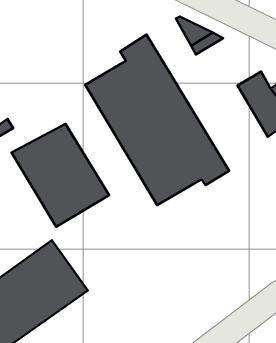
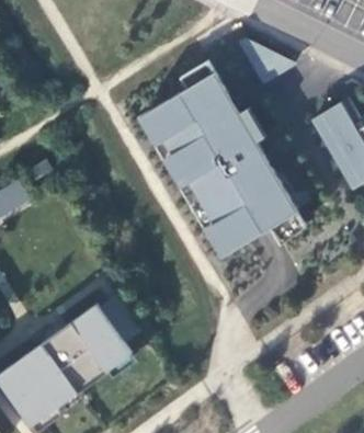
building: [11,124,109,227] -> none

